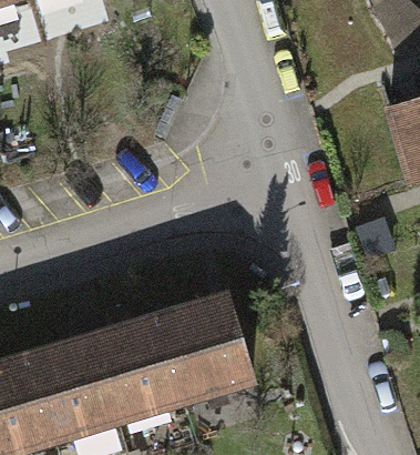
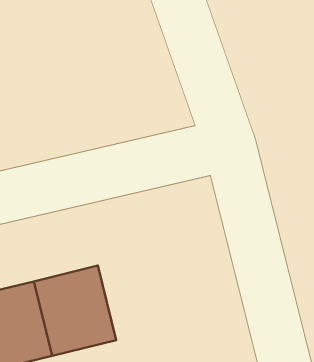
building: [154,296,248,395] -> none

